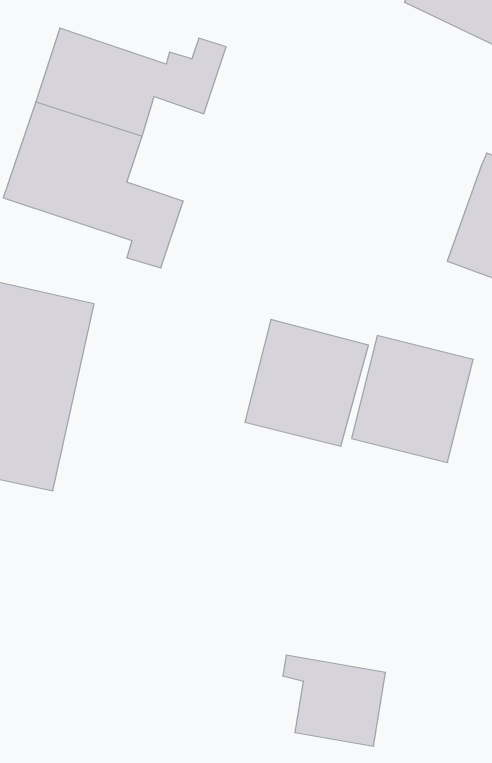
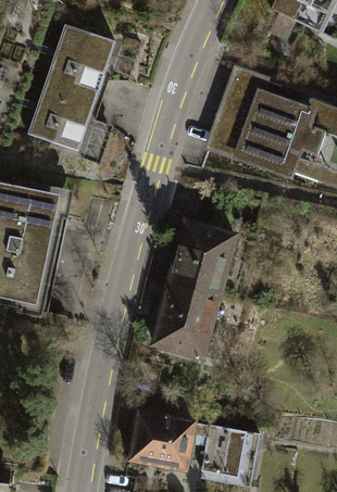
building: none -> [209,68,320,180]
building: [352,336,473,462] -> [153,274,230,354]
building: none -> [129,412,196,469]

